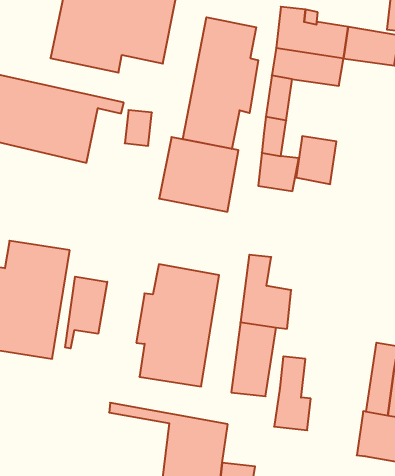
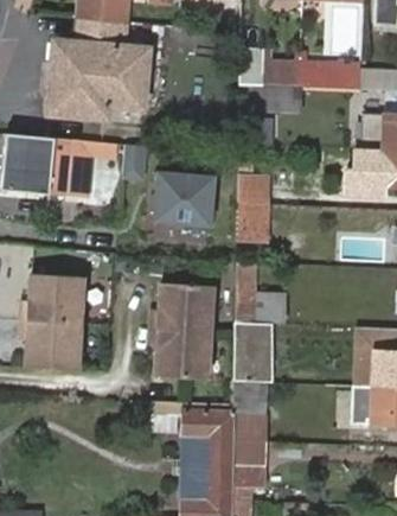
building: [183,17,258,149] -> none
building: [296,136,336,184] -> [238,204,269,242]
building: [65,277,107,348] -> none
building: [274,356,311,430] -> [235,382,263,442]

